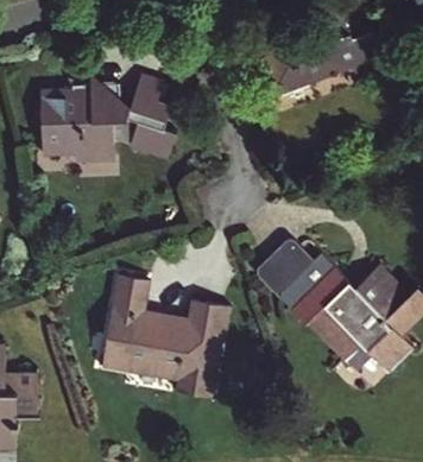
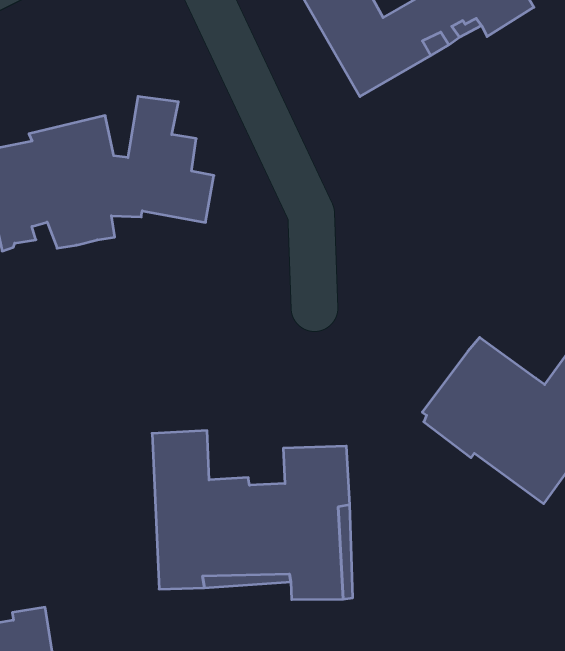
building: [258,241,312,298] -> none

